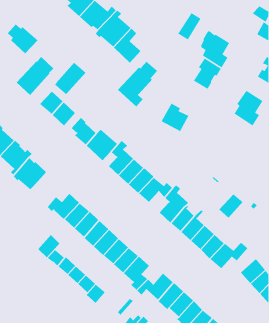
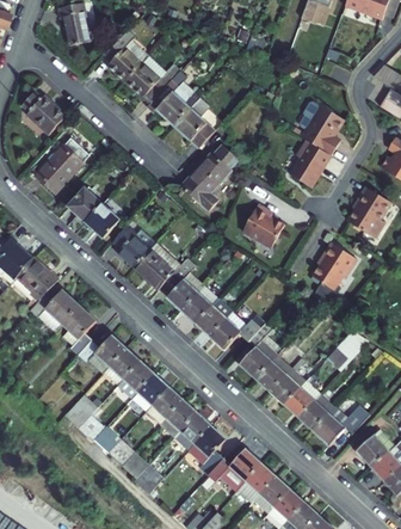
building: [177,12,202,40] -> none
building: [54,62,87,96] -> none
building: none -> [313,242,357,306]
building: none -> [62,305,95,355]

